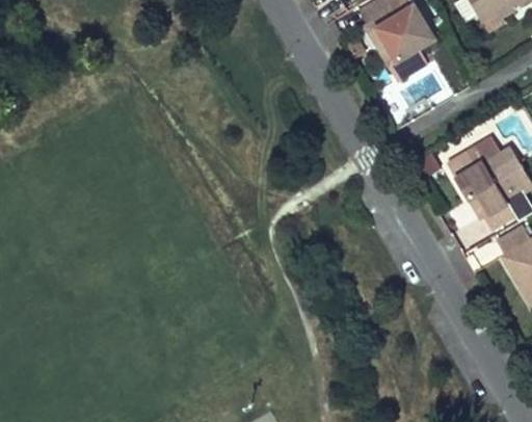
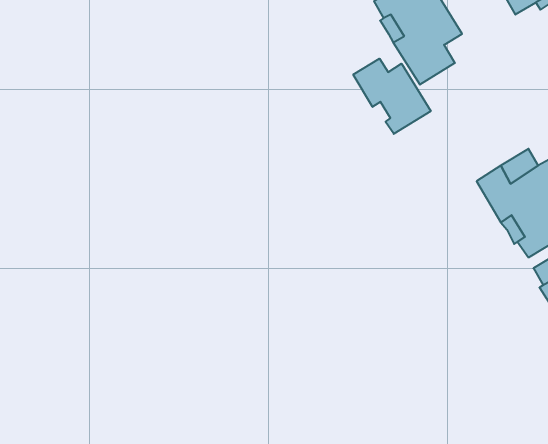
building: none -> [353,59,431,134]

